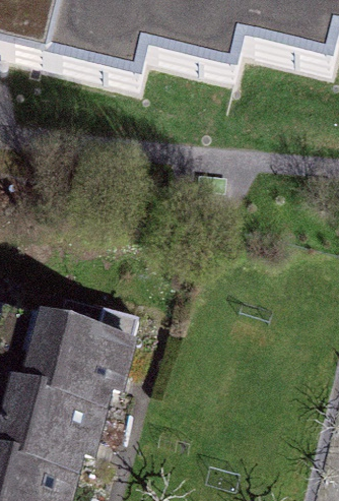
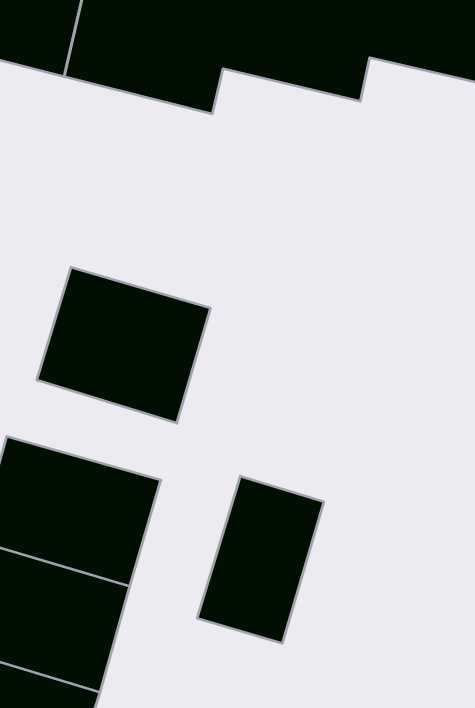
building: none -> [37,267,210,423]
building: none -> [197,476,324,643]

